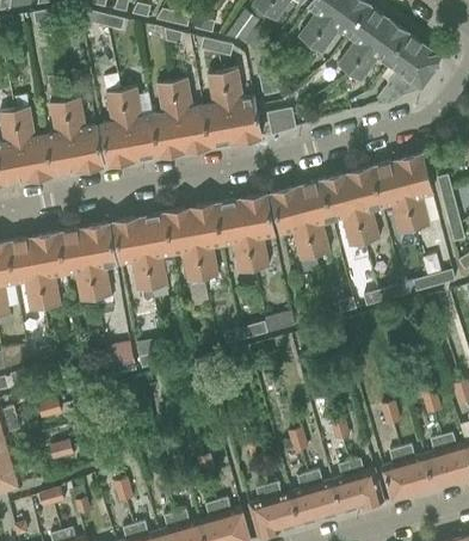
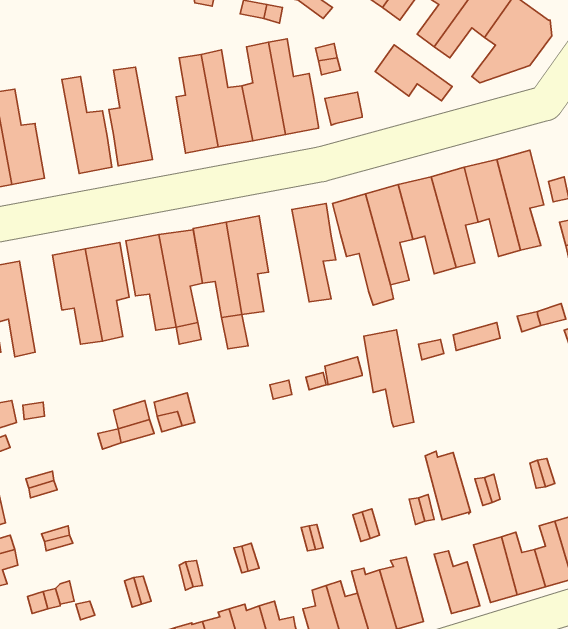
building: none -> [375,45,452,101]
building: [121,88,159,161] -> none
building: [44,100,78,176] -> none
building: [215,199,253,273] -> [364,330,414,427]
building: [32,234,64,308] -> none
building: [327,461,362,514] -> [425,451,470,520]

